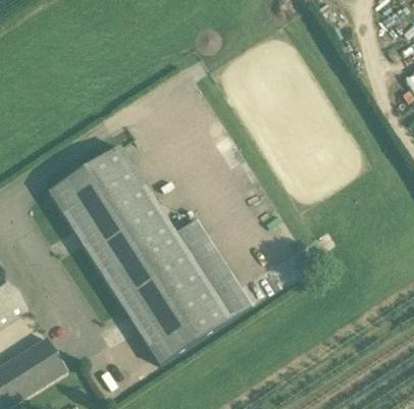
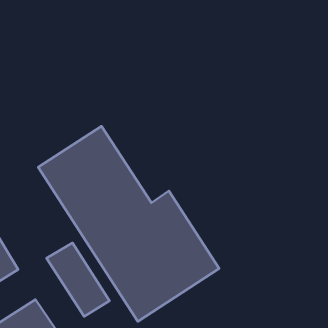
building: none -> [47,243,109,317]

